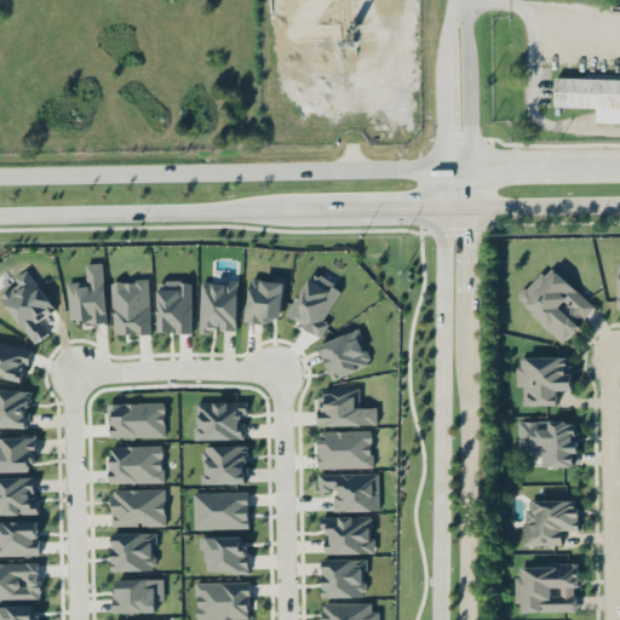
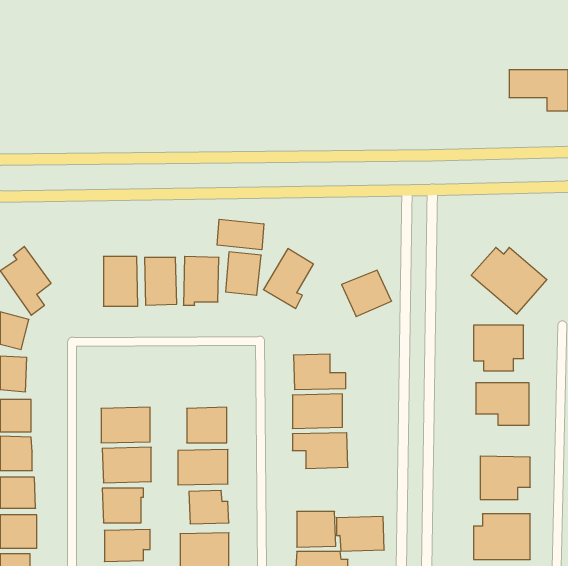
building: none -> [217,219,264,250]
building: [68,263,107,325] -> none
building: [317,331,372,381] -> [342,270,392,317]
building: [195,402,247,441] -> none
building: [109,403,166,438] -> none
building: [321,517,373,555] -> [336,517,384,551]

